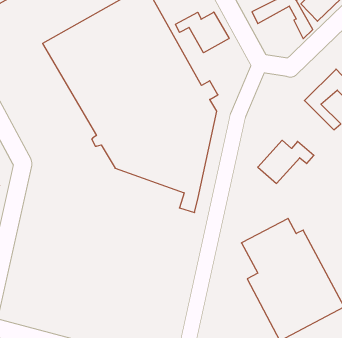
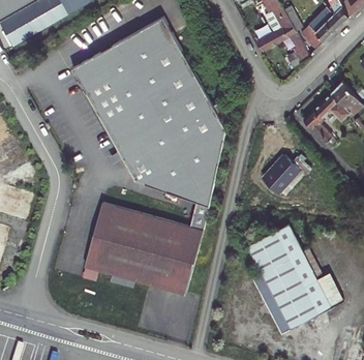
building: [175,12,229,53] -> none
building: none -> [85,203,206,295]

